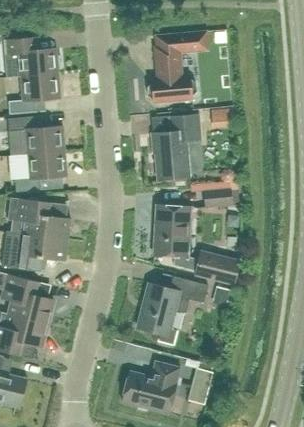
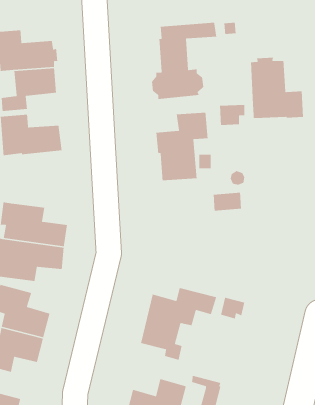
building: none -> [250,57,304,120]
building: [15,150,67,191] -> none
building: [153,205,241,285] -> none

